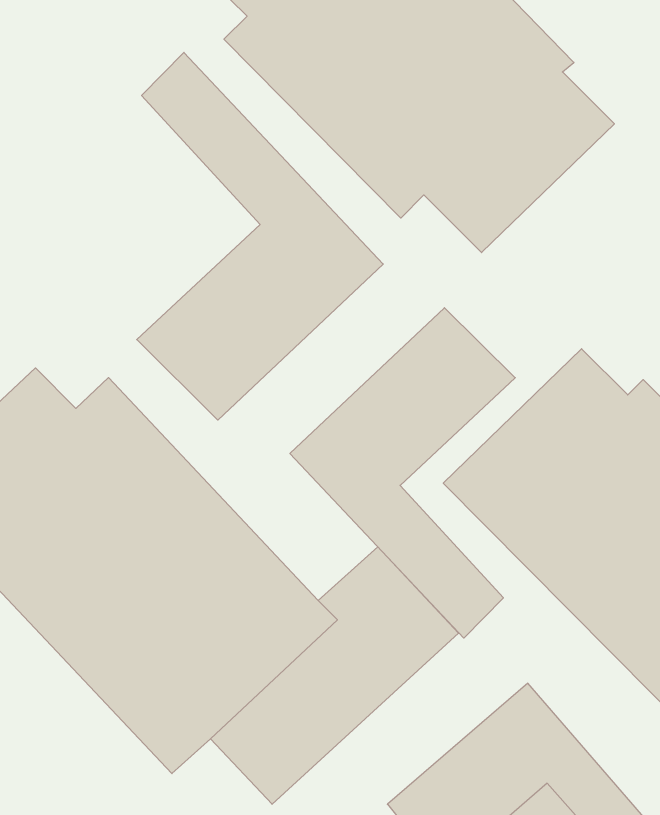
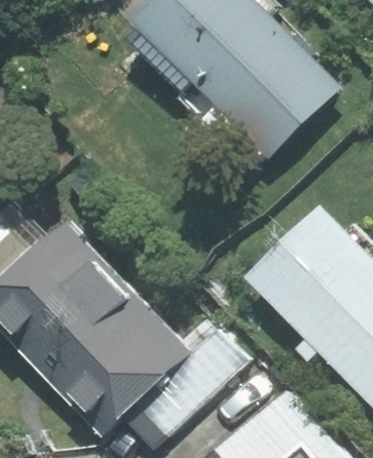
building: [137,52,383,420] -> none
building: [290,308,515,638] -> none

